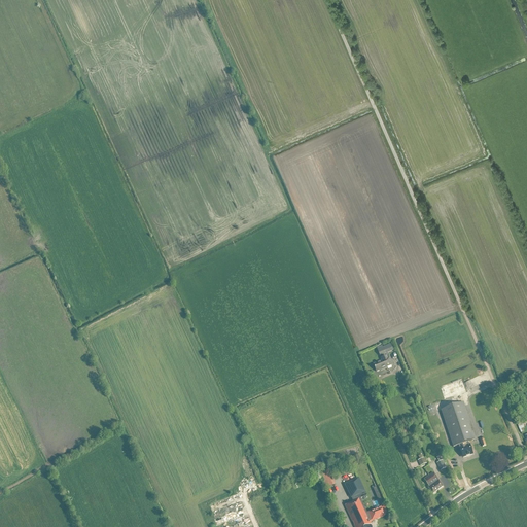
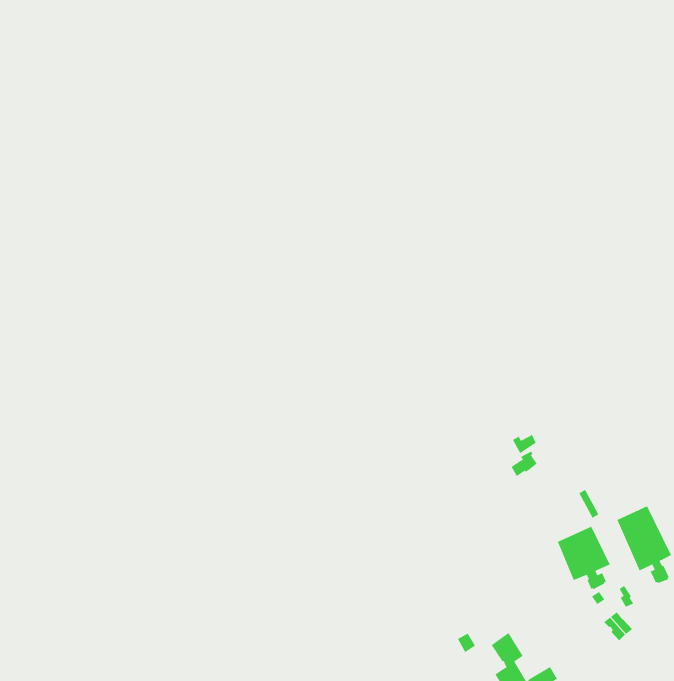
building: none -> [557,526,610,590]

